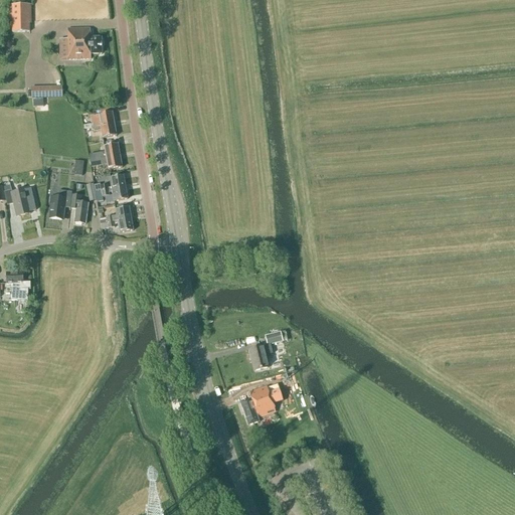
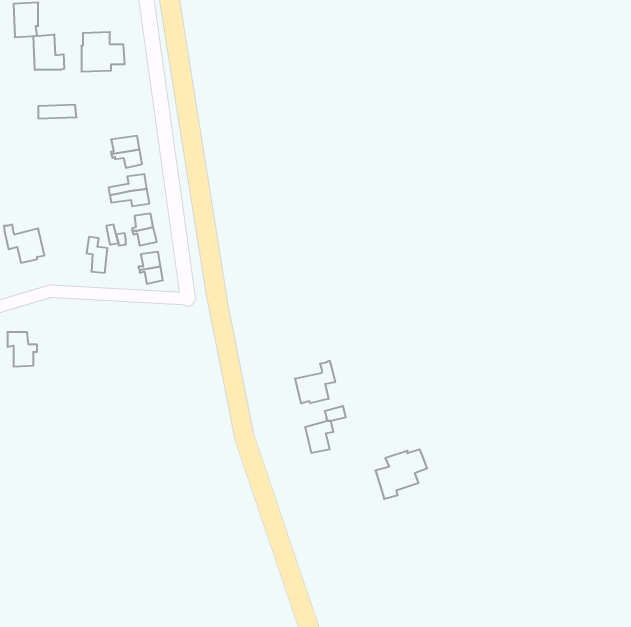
building: none -> [33,34,64,70]
building: [49,188,71,218] -> none
building: none -> [295,361,335,404]
building: [240,383,283,423] -> [375,450,427,499]

